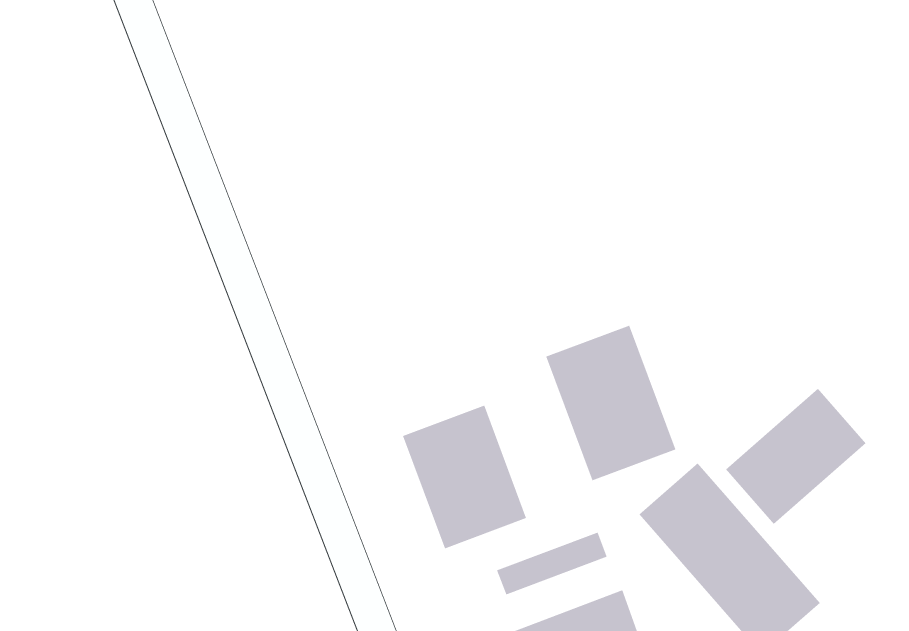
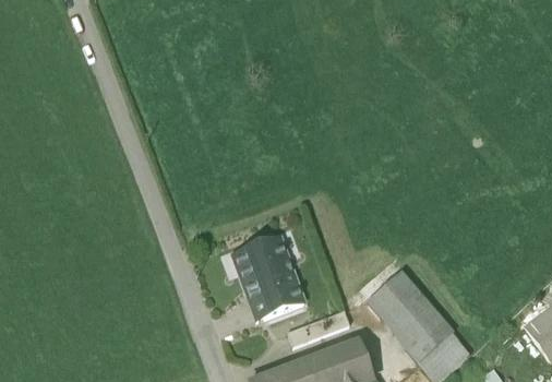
building: [545,325,676,481] -> none
building: [725,388,867,525] -> none

